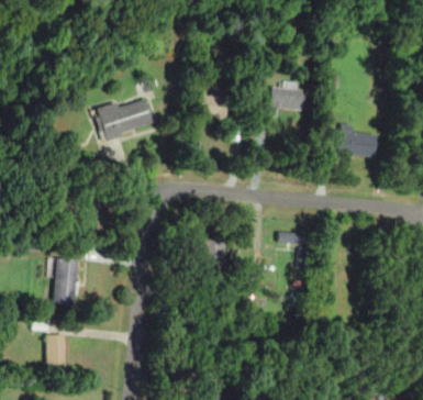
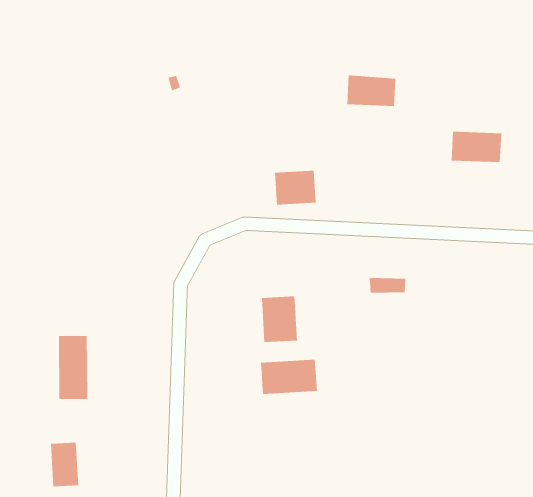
building: [197,95,225,118] -> [274,170,316,205]
building: [97,98,153,141] -> none
building: none -> [260,359,317,395]

